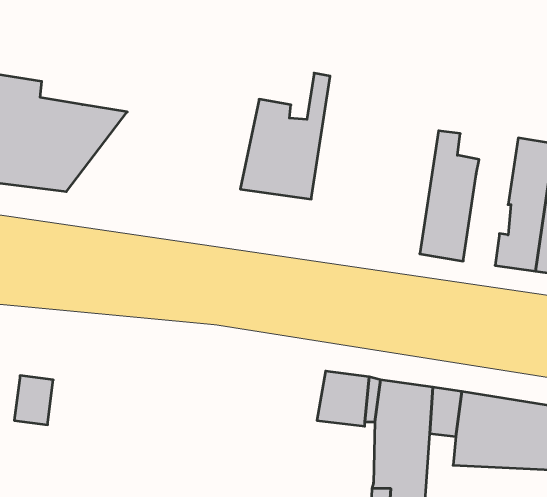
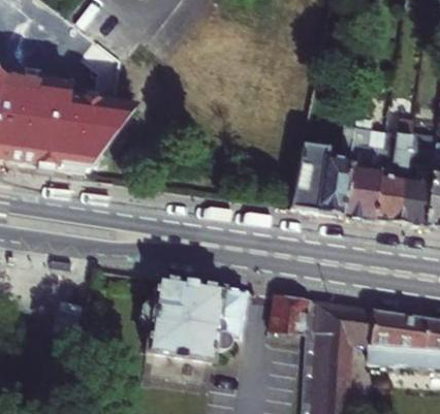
building: [240,73,330,199] -> [291,122,355,212]
building: none -> [373,116,413,220]
building: none -> [139,277,246,361]

